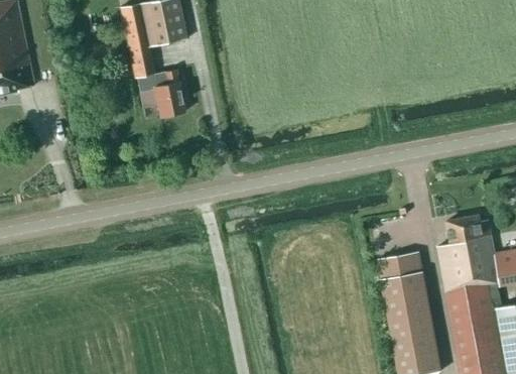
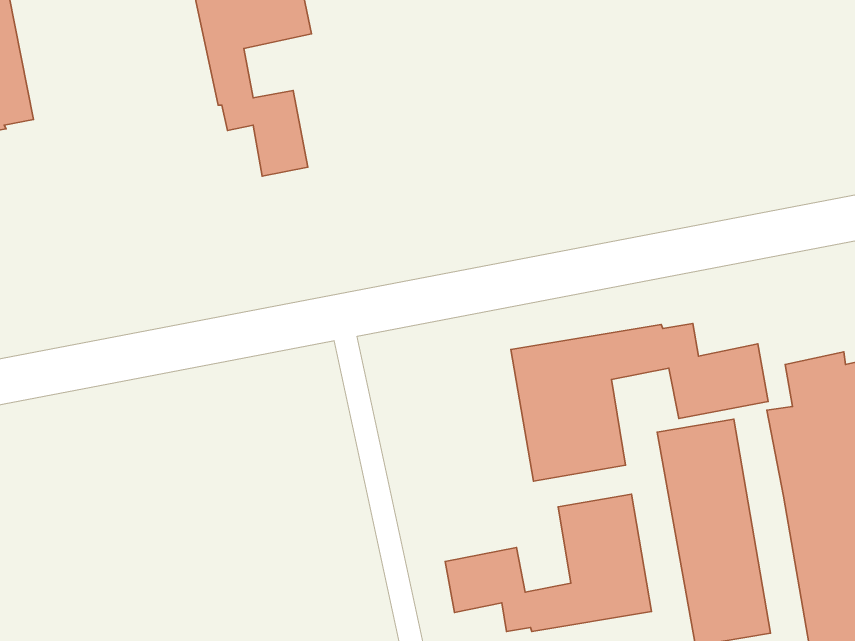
building: none -> [511,324,768,481]
building: none -> [445,494,651,632]

